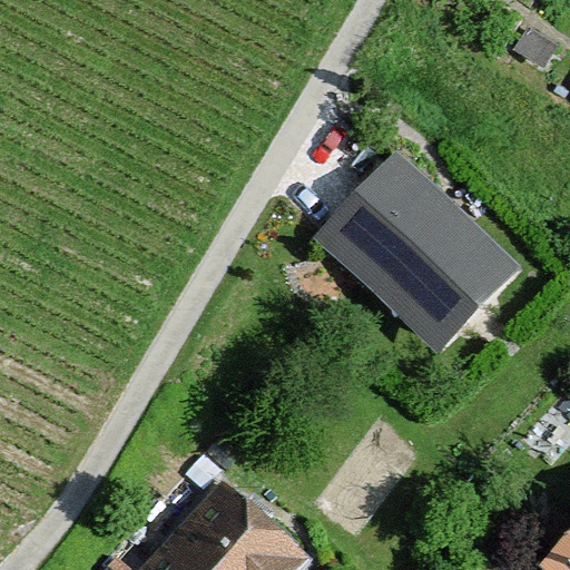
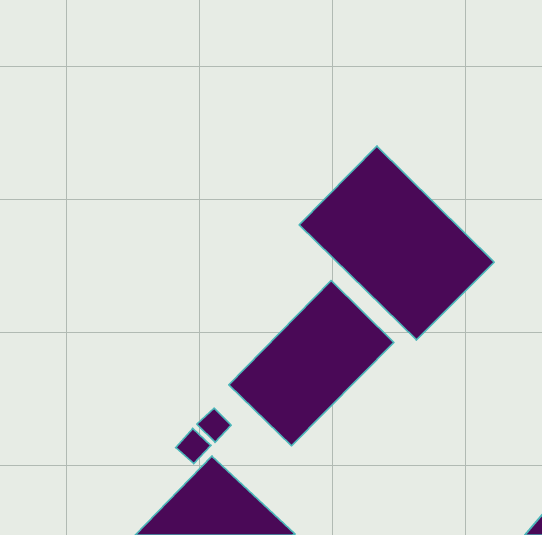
building: none -> [229,281,394,446]

